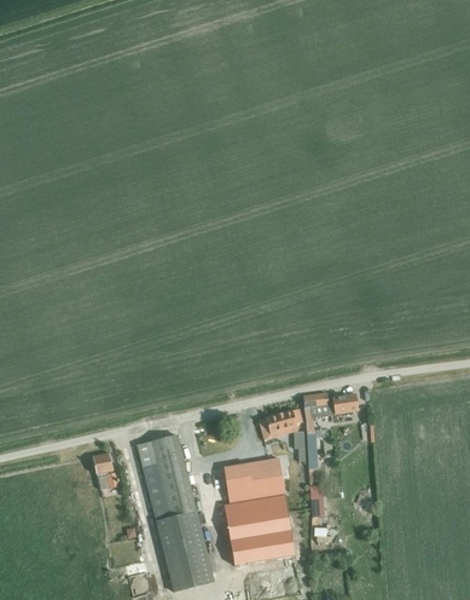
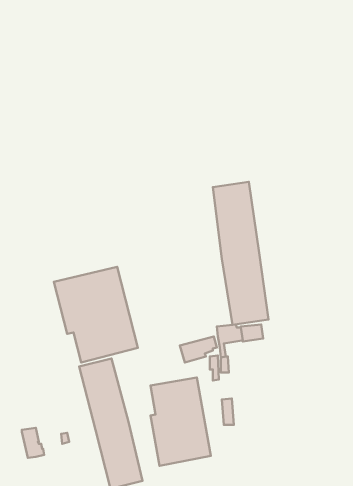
building: none -> [213,182,269,325]
building: none -> [54,267,138,362]
building: [93,454,120,490] -> [22,428,44,458]

